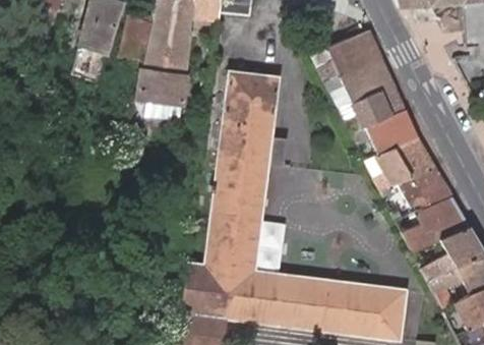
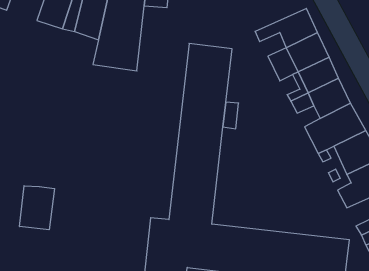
building: none -> [20,186,55,230]

